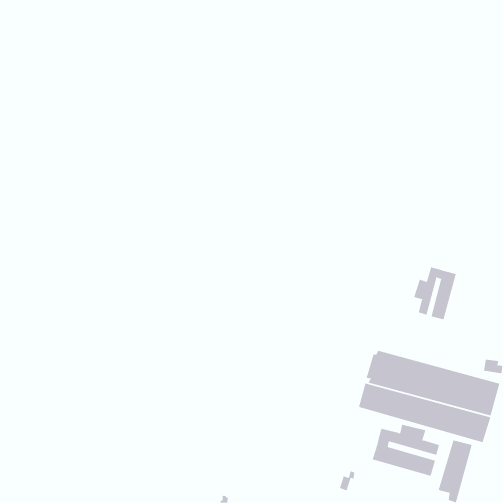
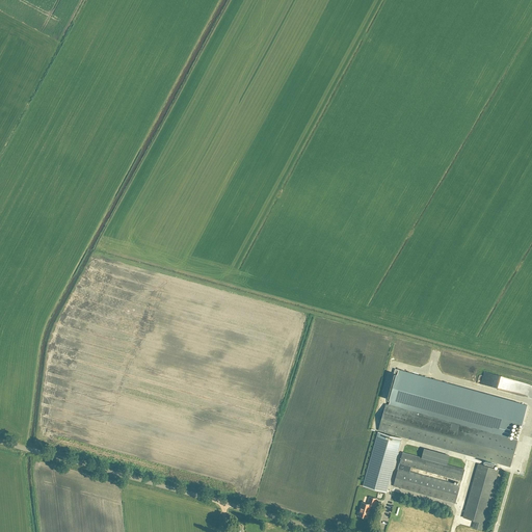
building: [413,266,456,320] -> none
building: none -> [362,431,401,491]

